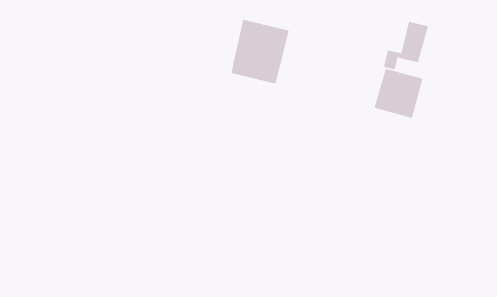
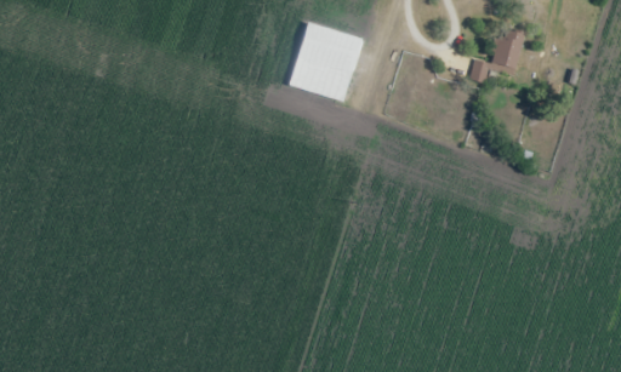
building: [374,68,423,119] -> none

